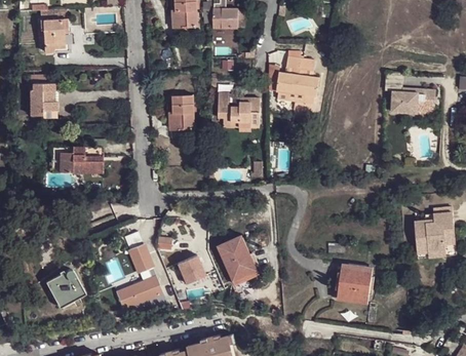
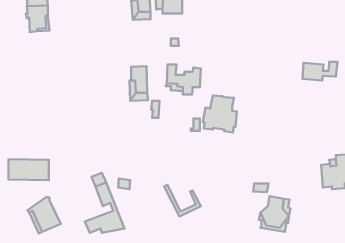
building: [276,56,319,104] -> [203,95,237,133]
building: [31,74,61,113] -> none
building: [51,146,103,172] -> [8,159,49,180]
building: [220,236,256,279] -> none
building: [178,254,205,282] -> none

